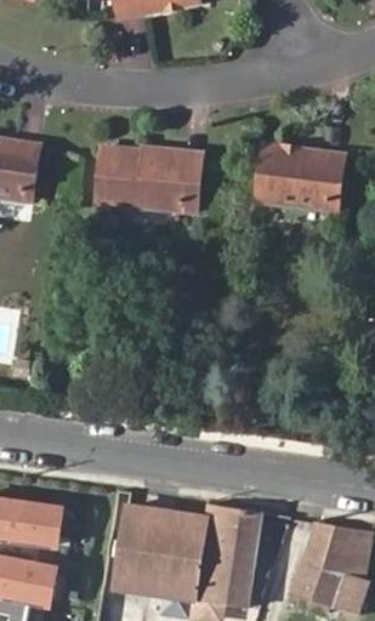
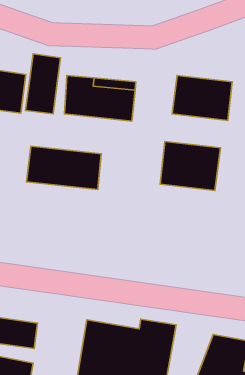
building: none -> [25,54,60,114]
building: none -> [160,141,220,190]
building: none -> [26,146,101,190]

